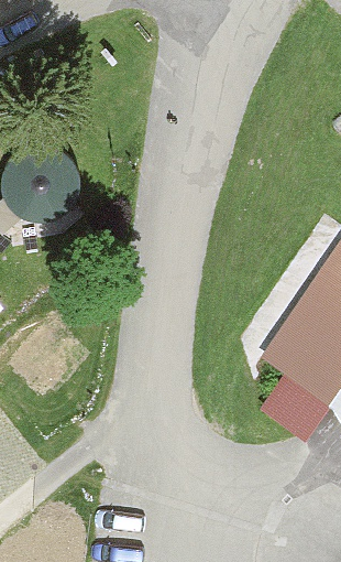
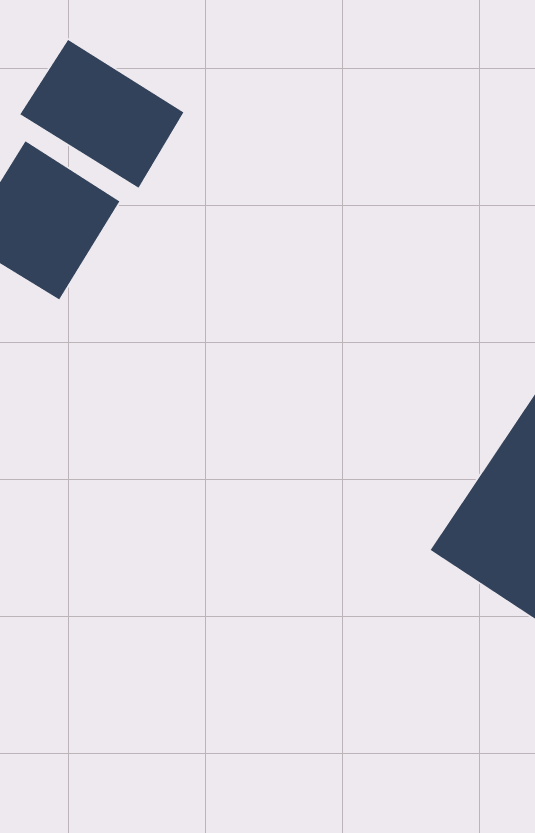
building: none -> [19,39,185,189]

